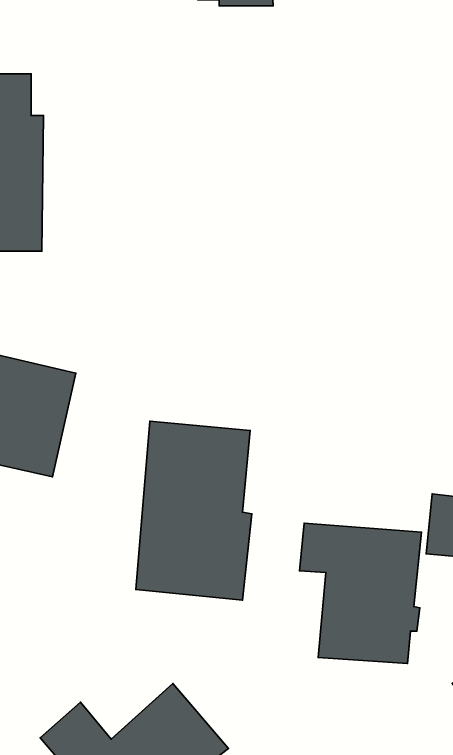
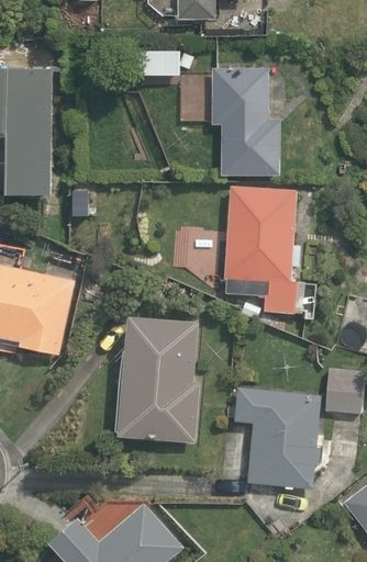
building: none -> [210,67,280,175]
building: none -> [222,184,314,318]

